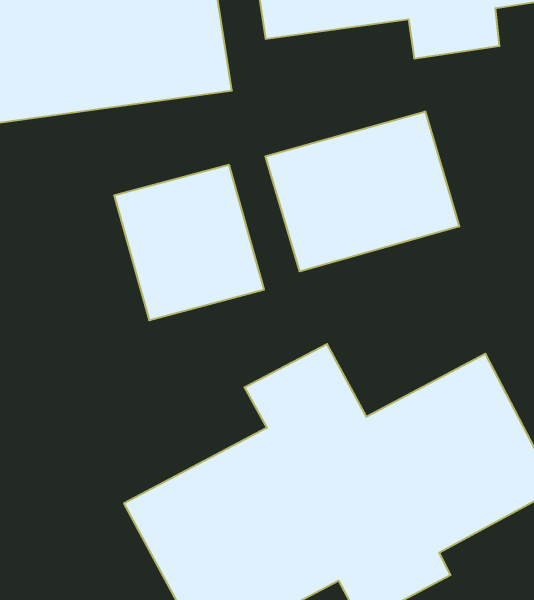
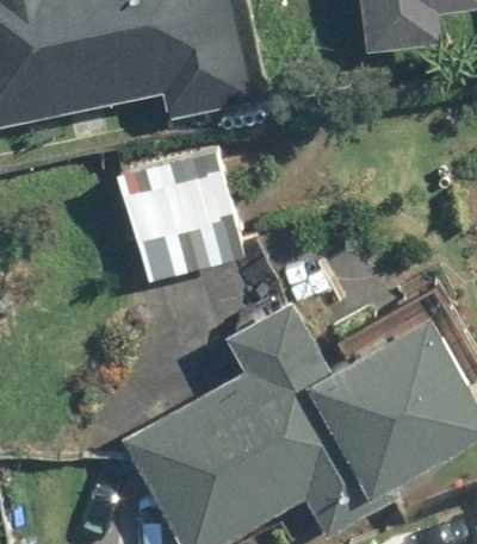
building: [265,111,459,271] -> none

